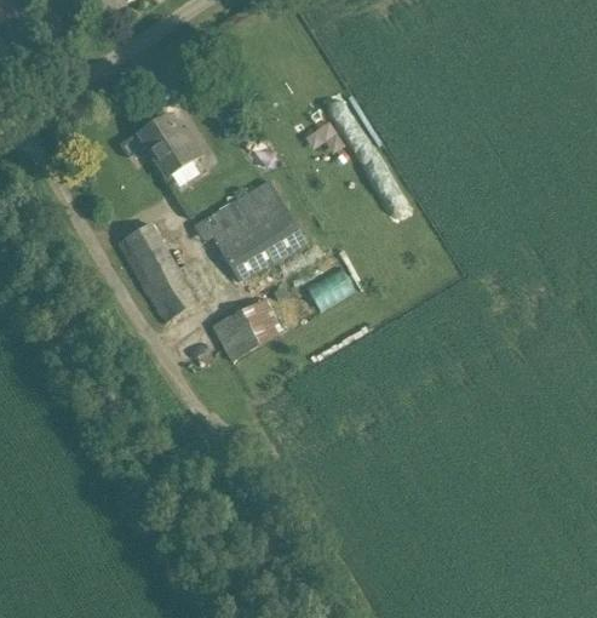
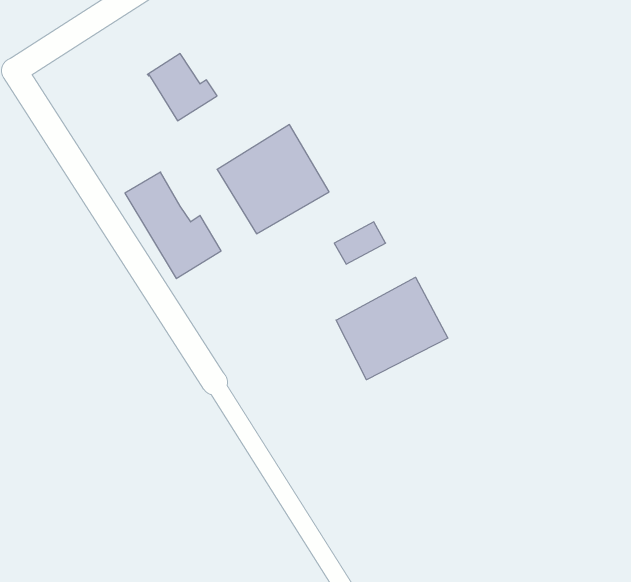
building: [213,298,283,359] -> none
building: none -> [336,277,448,380]

